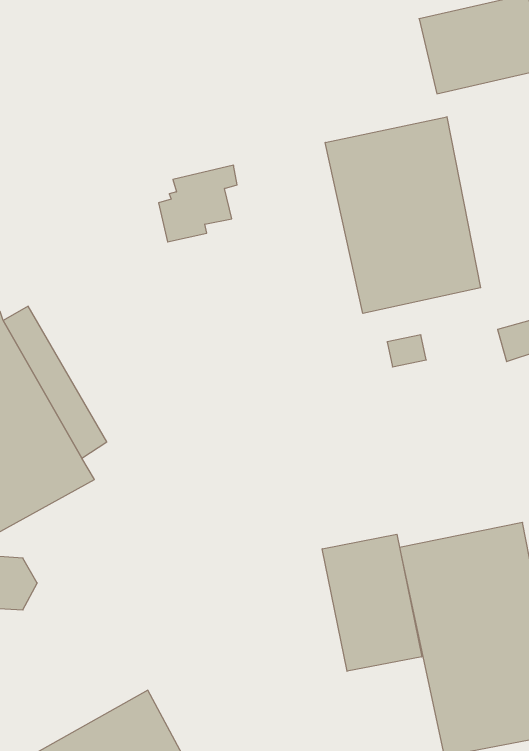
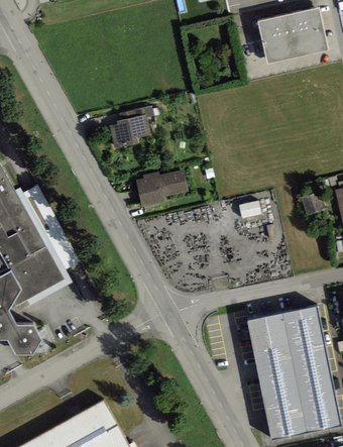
building: [325,117,481,313] -> none
building: none -> [135,169,188,206]
building: [322,534,422,671] -> none

